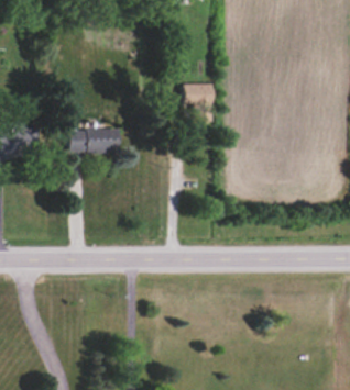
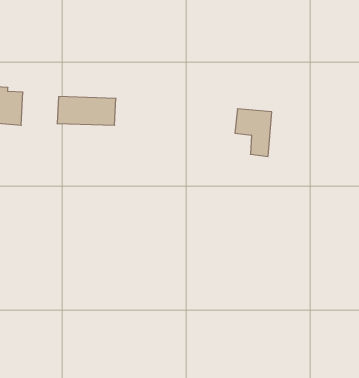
building: [183,82,214,122] -> [235,109,272,156]

